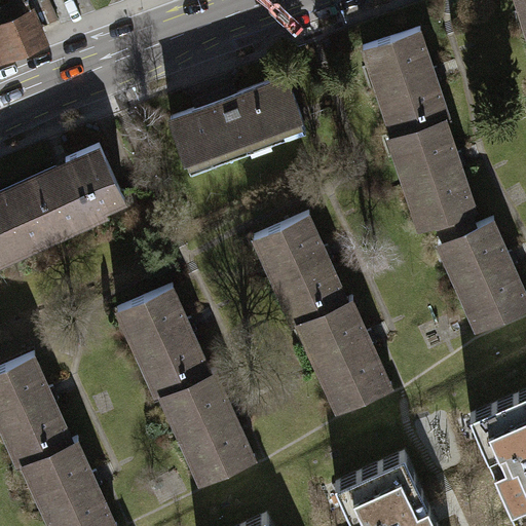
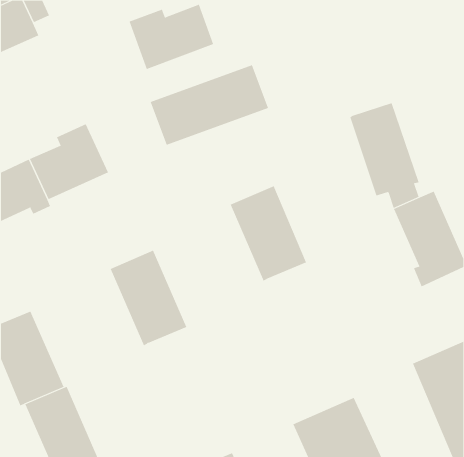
building: none -> [129,4,214,70]
building: [365,35,449,139] -> none
building: [303,303,389,412] -> none
building: [167,376,254,485] -> none

